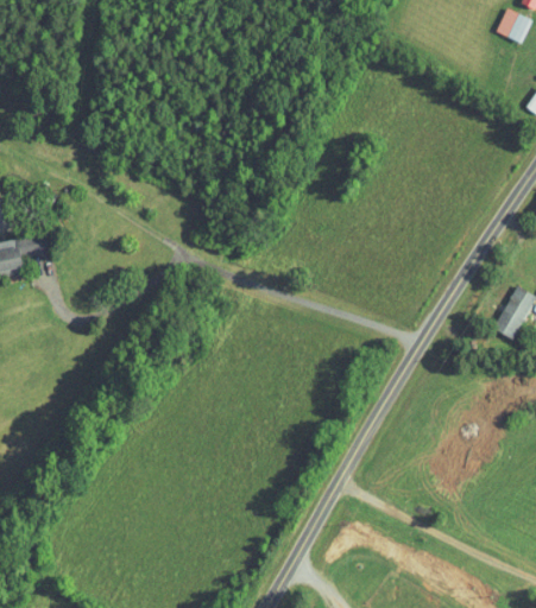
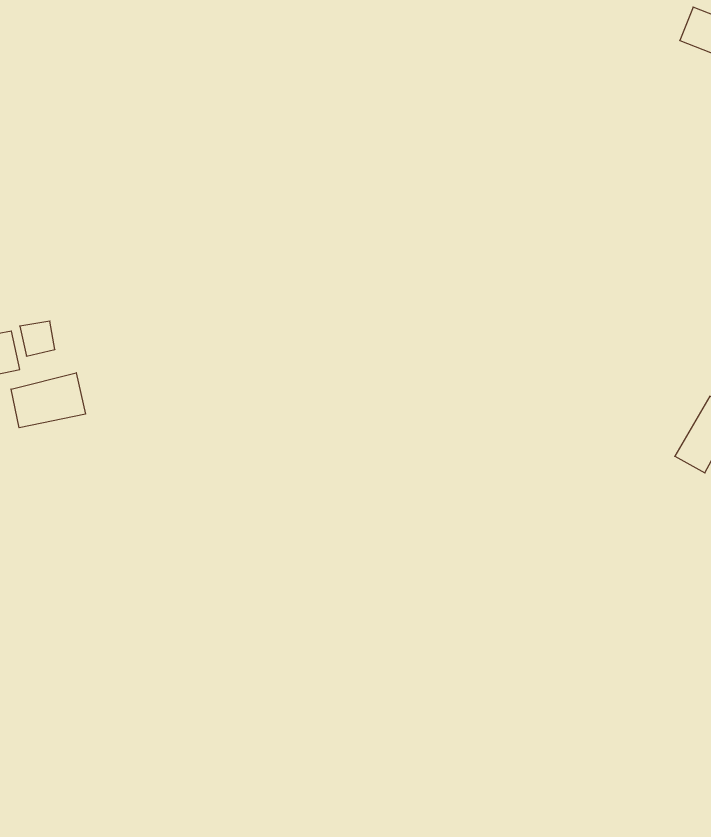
building: none -> [11,373,85,428]

